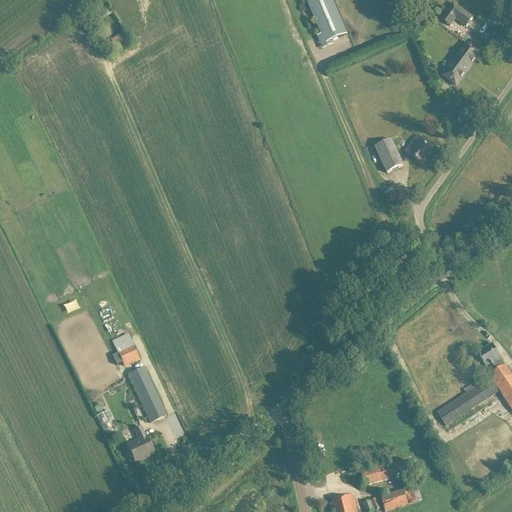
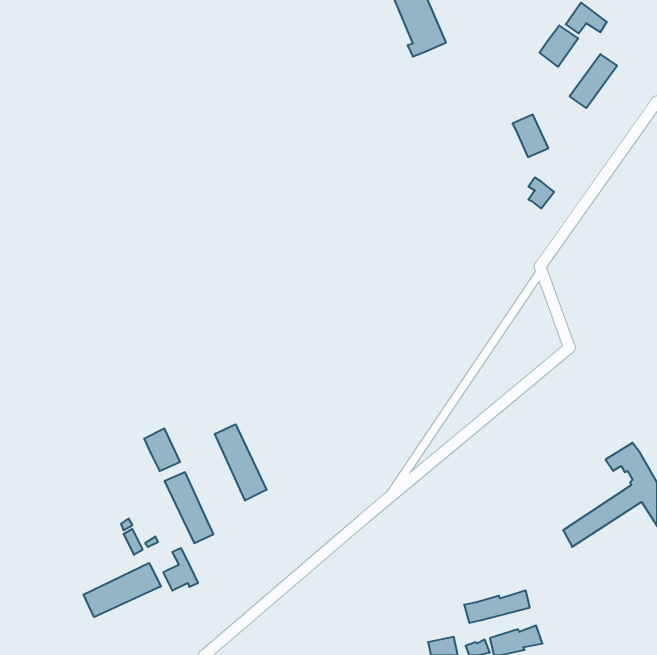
building: none -> [539,25,578,67]
building: [375,139,403,172] -> [512,115,548,157]
building: none -> [215,424,267,501]
building: none -> [84,563,161,617]

